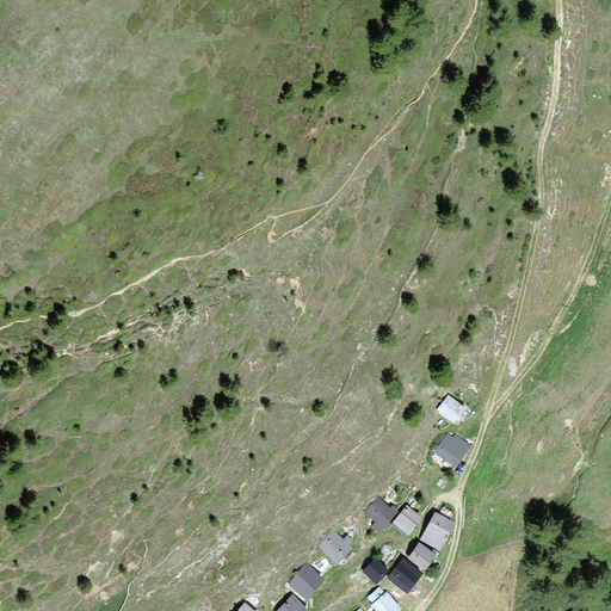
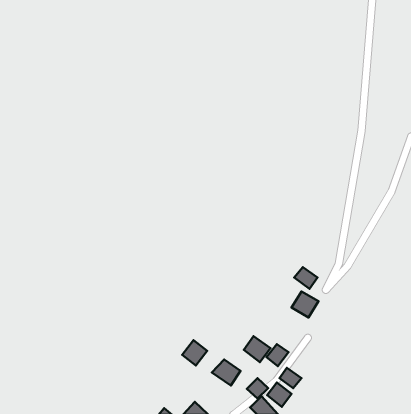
building: [426,513,459,550] -> none
building: [286,563,323,600] -> [182,340,207,365]

